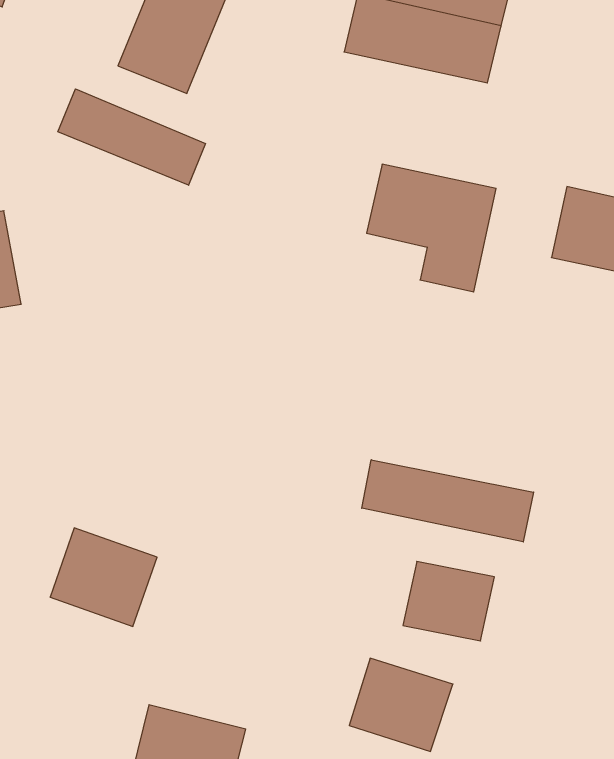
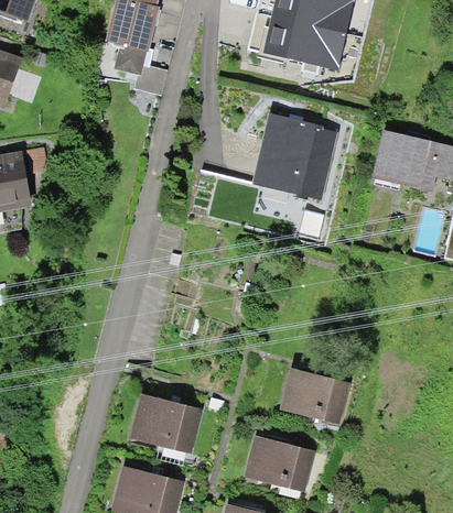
building: [58,89,206,185] -> none
building: [362,460,534,542] -> none
building: [50,528,157,626] -> [134,393,203,456]

